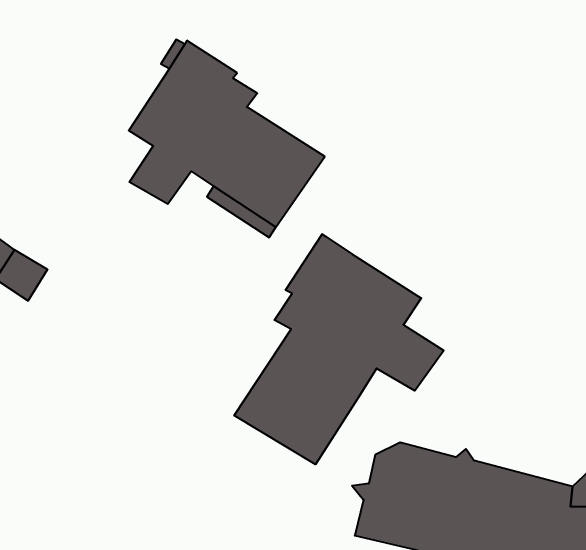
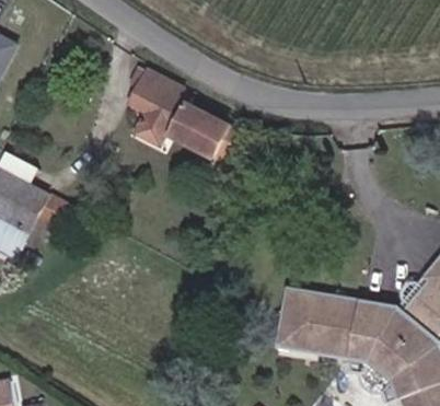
building: [234,234,444,464] -> none

